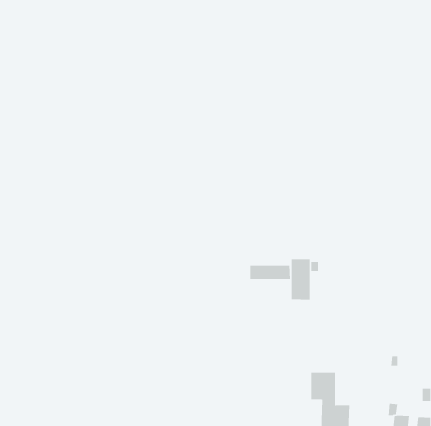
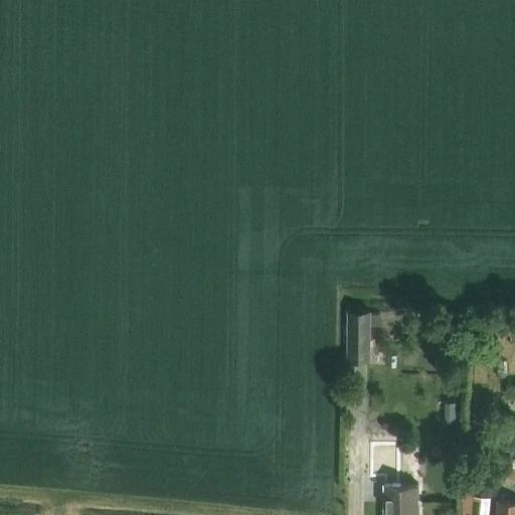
building: [250,265,291,280] -> none

